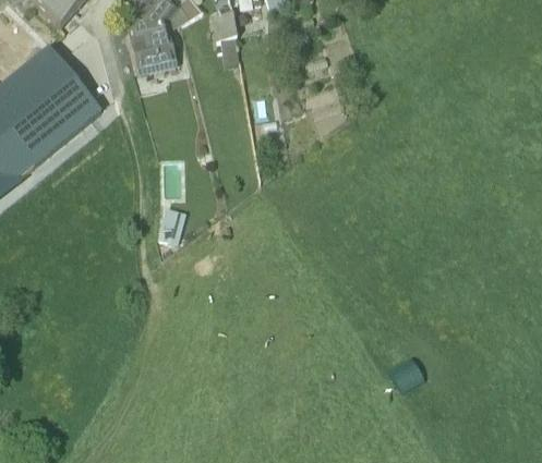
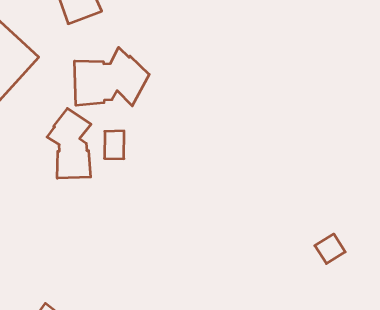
building: none -> [75,47,149,106]
building: none -> [47,108,91,178]

